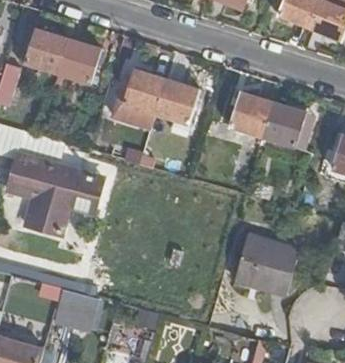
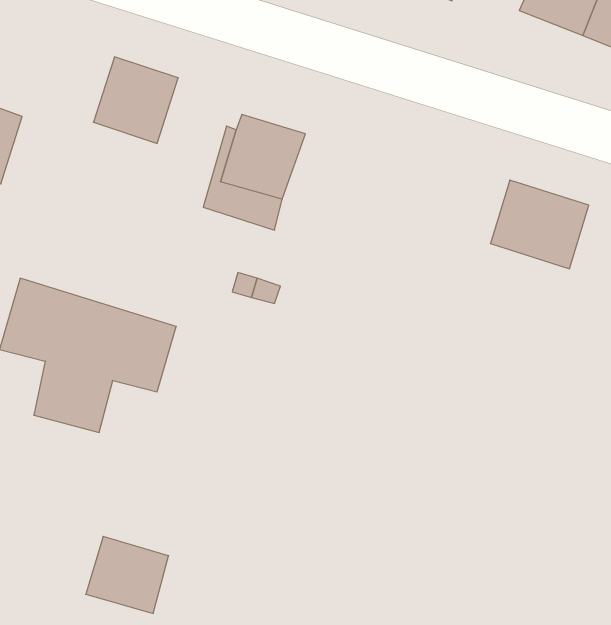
building: [25,28,67,72] -> none
building: [154,78,197,132] -> none
building: [229,92,272,135] -> none
building: [232,236,298,296] -> none

